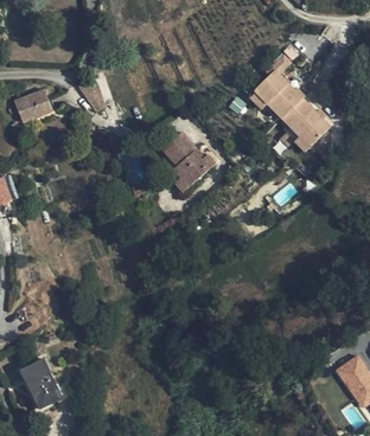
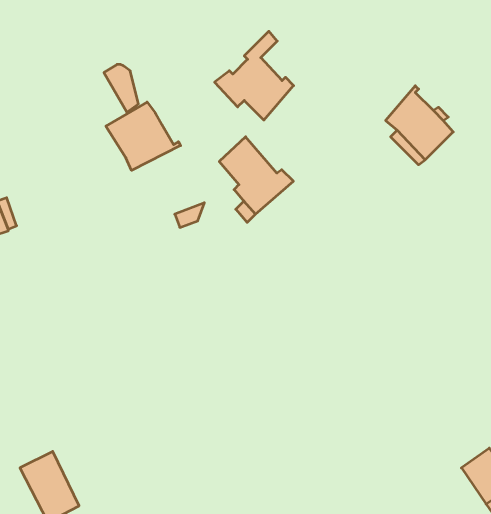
building: [247,56,304,120] -> [215,31,294,120]
building: [14,89,51,121] -> none
building: none -> [106,102,181,170]

